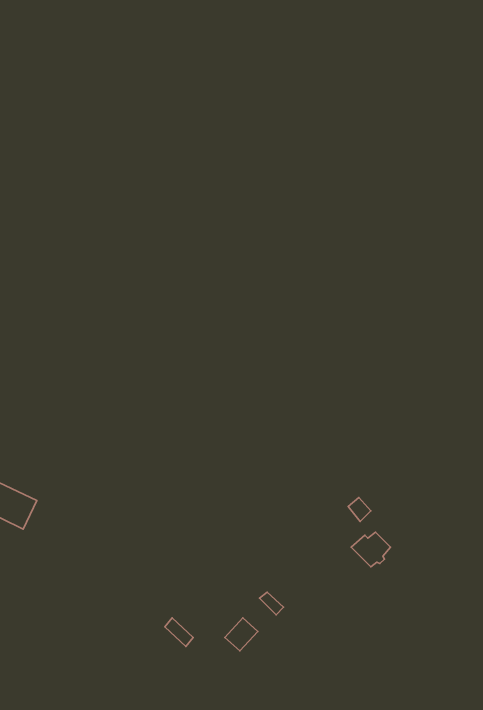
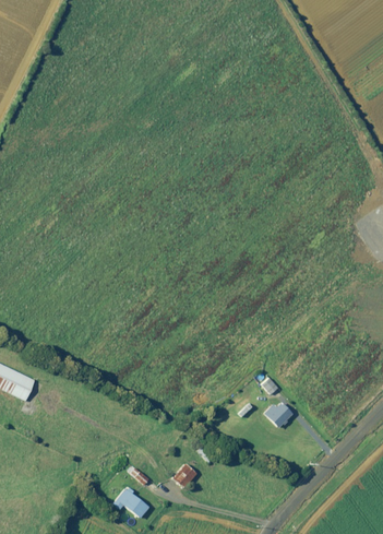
building: none -> [113,486,148,518]

